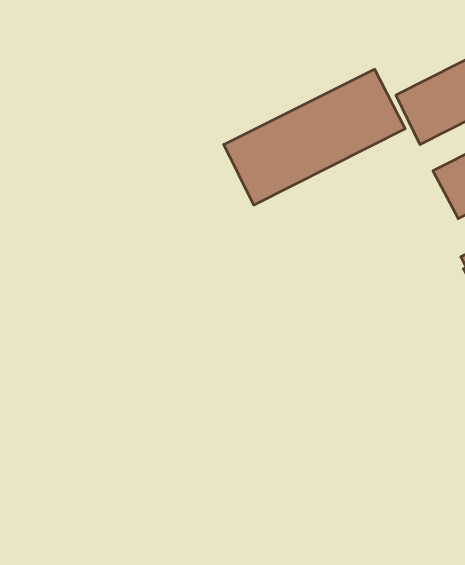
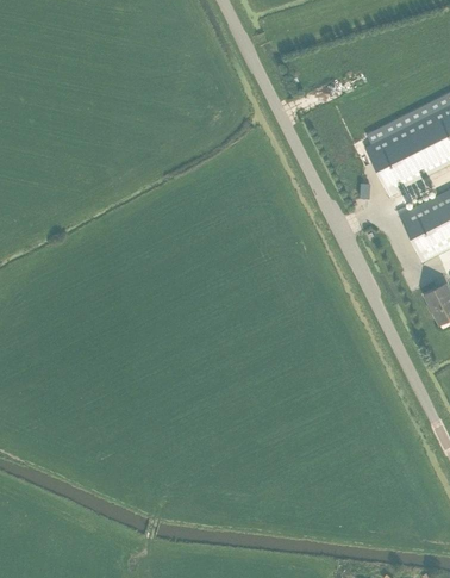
building: [224,69,405,205] -> none

